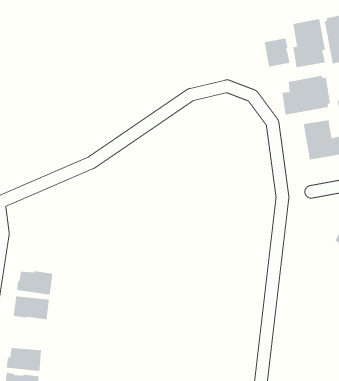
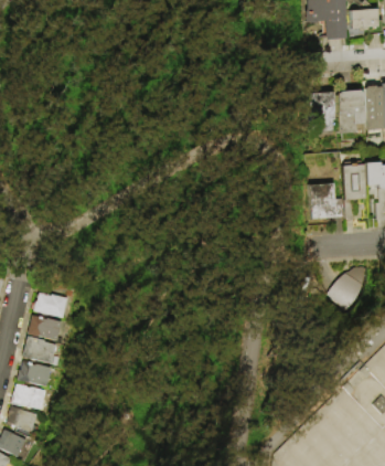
building: [264,37,291,68] -> none
building: [282,75,331,115] -> none
building: none -> [22,335,57,362]

